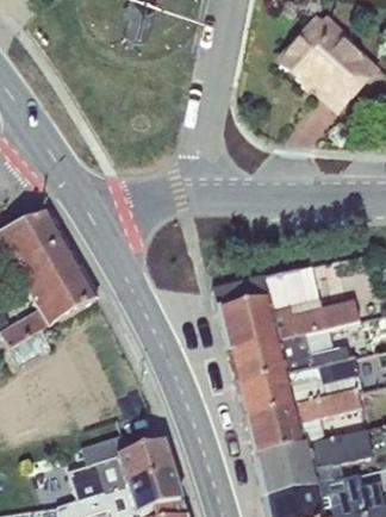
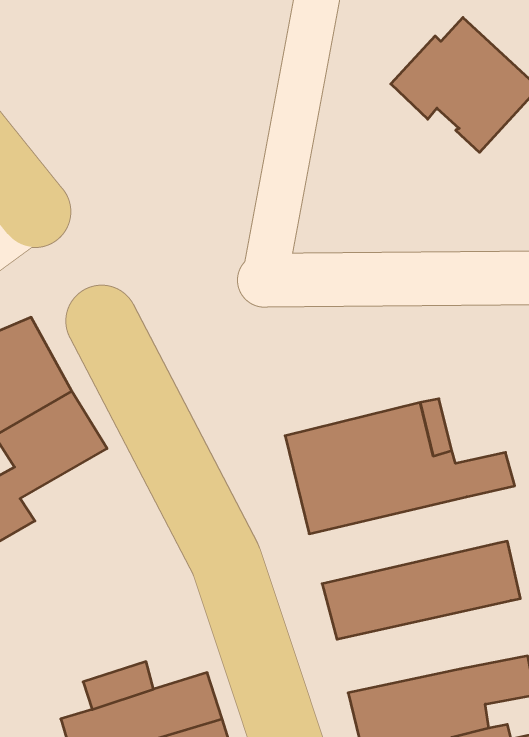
building: [229,329,350,385] -> none
building: [247,395,365,455] -> none

